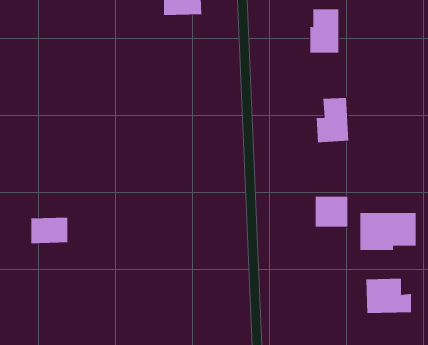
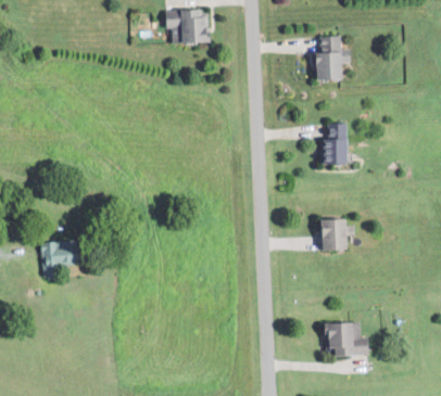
building: [360,212,416,251] -> none
building: [365,278,412,313] -> [315,320,361,355]

